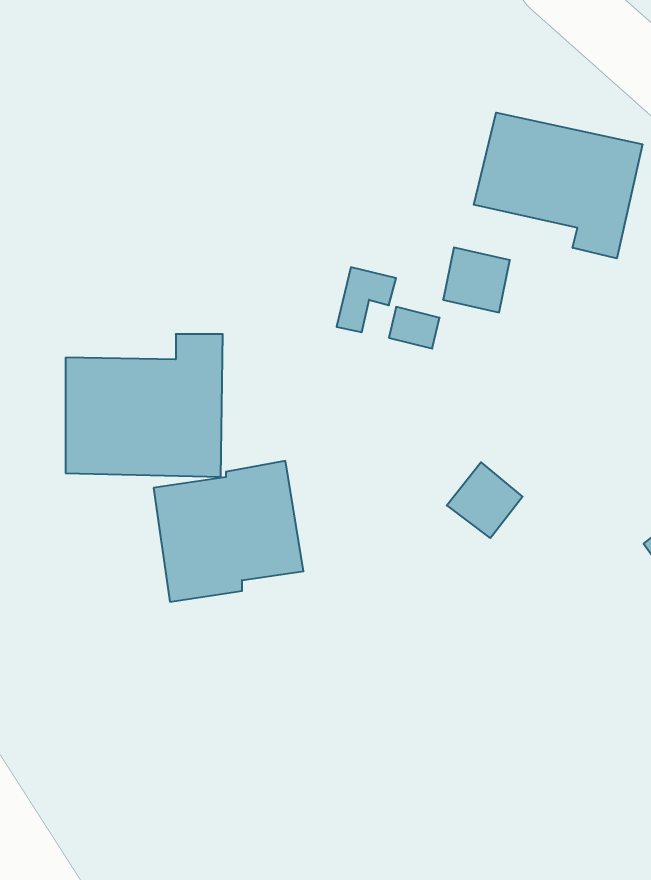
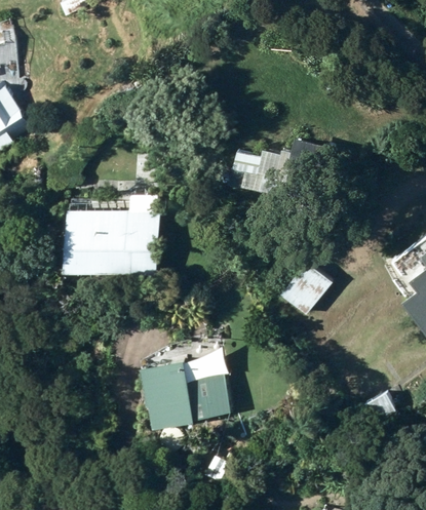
building: [474,113,642,258] -> none
building: [154,461,304,602] -> [145,351,230,431]

